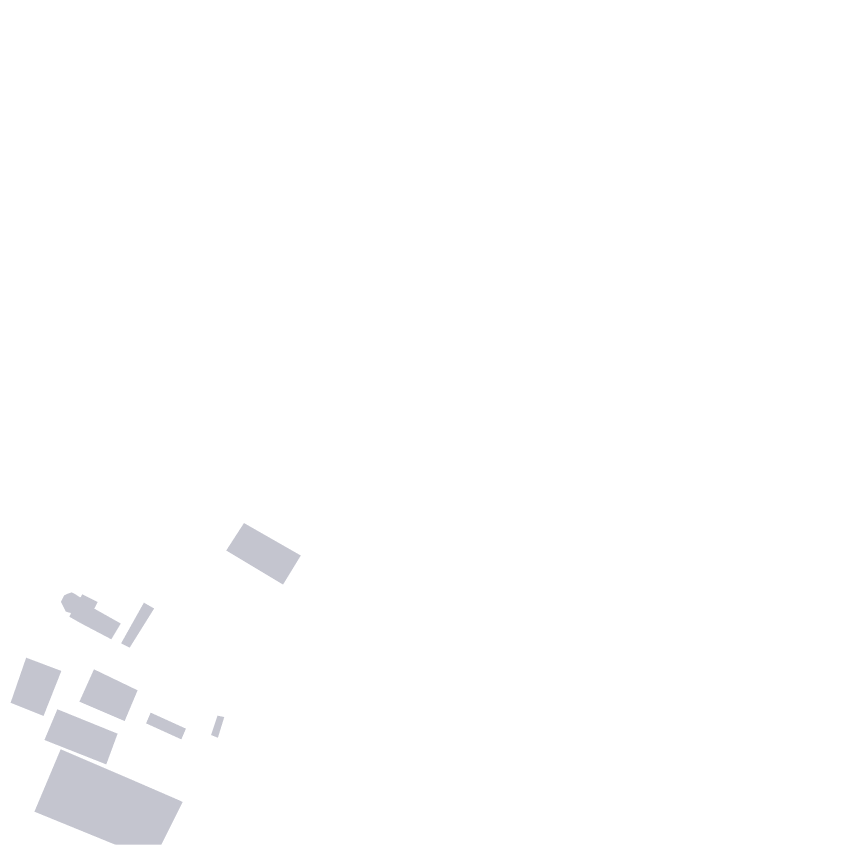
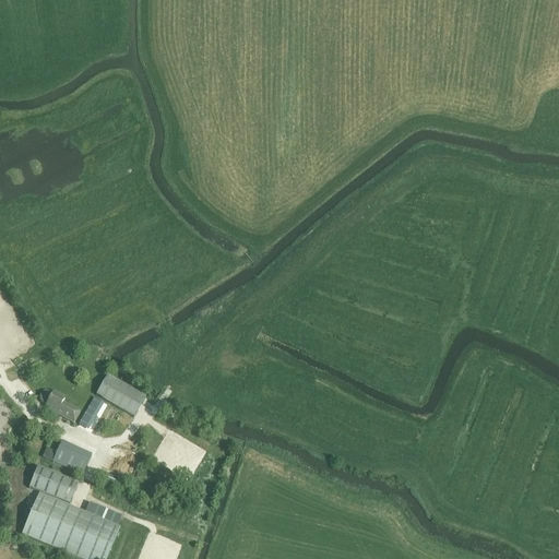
building: [225,522,302,585] -> [96,372,146,414]
building: [10,657,62,717] -> none

